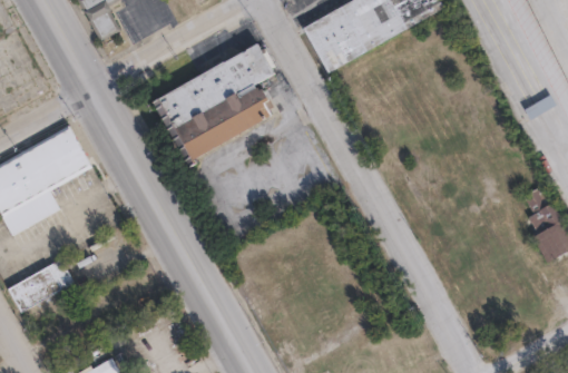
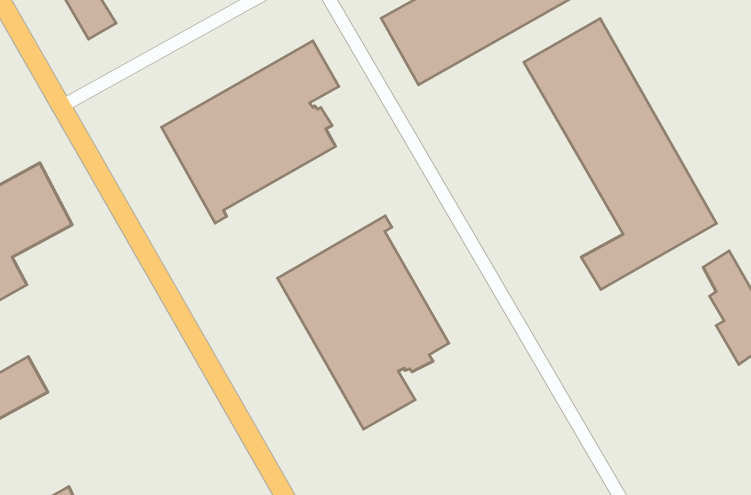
building: none -> [524,18,717,290]
building: none -> [278,216,449,429]

